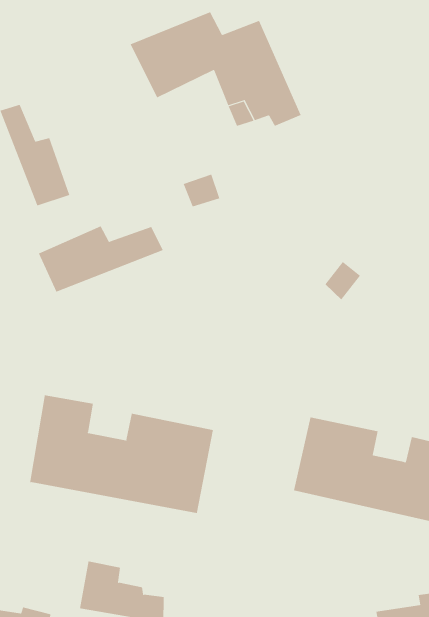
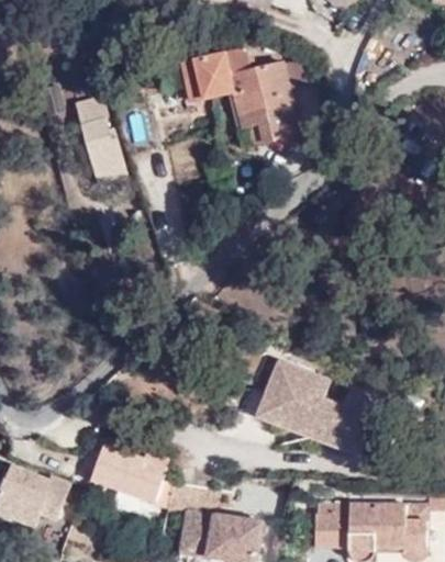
building: [38,225,163,293] -> none
building: [29,395,213,514] -> none

